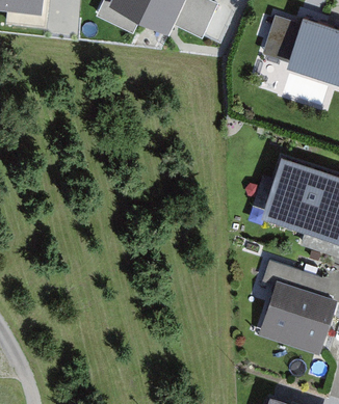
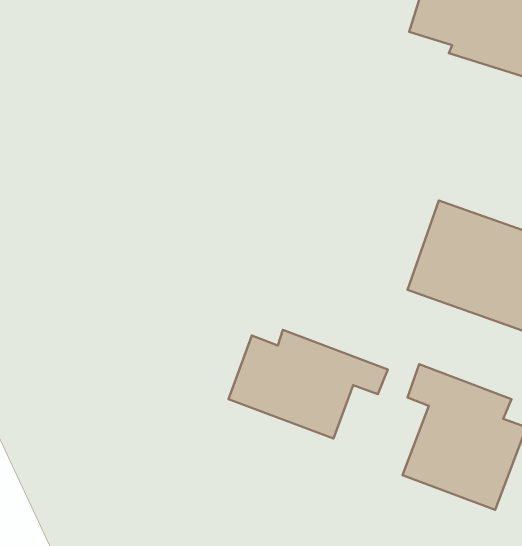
building: none -> [228,330,388,439]

